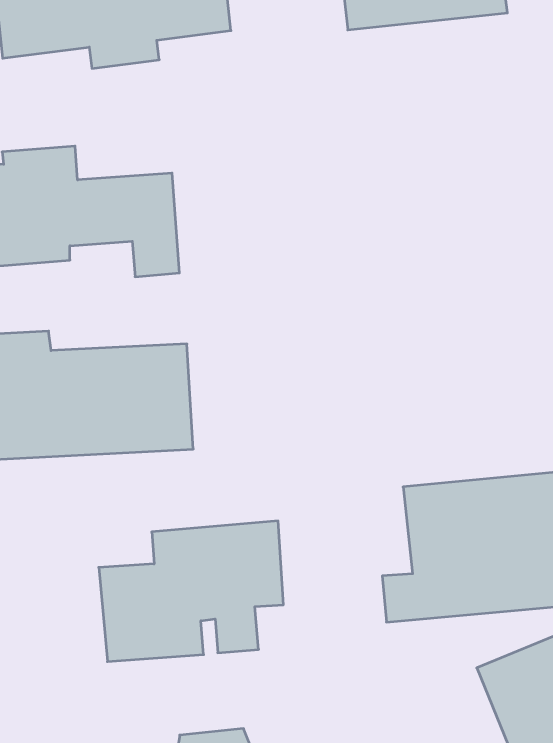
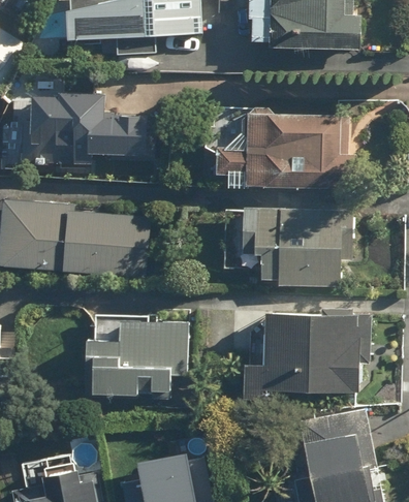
building: none -> [213,115,357,189]
building: none -> [241,206,352,286]

